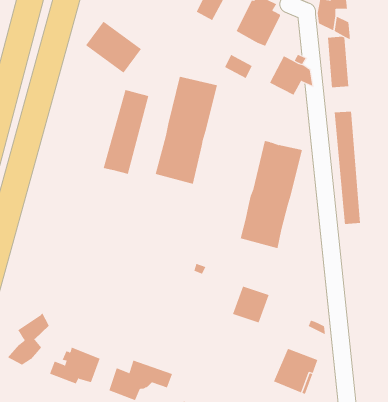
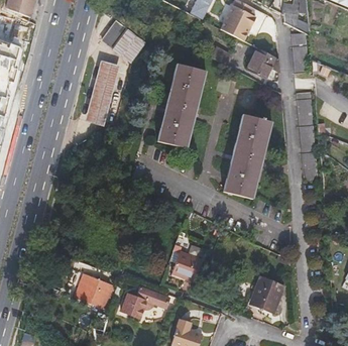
building: [103,89,149,174] -> [84,60,120,126]
building: [232,286,270,323] -> [171,251,201,280]
building: [7,313,49,365] -> none

